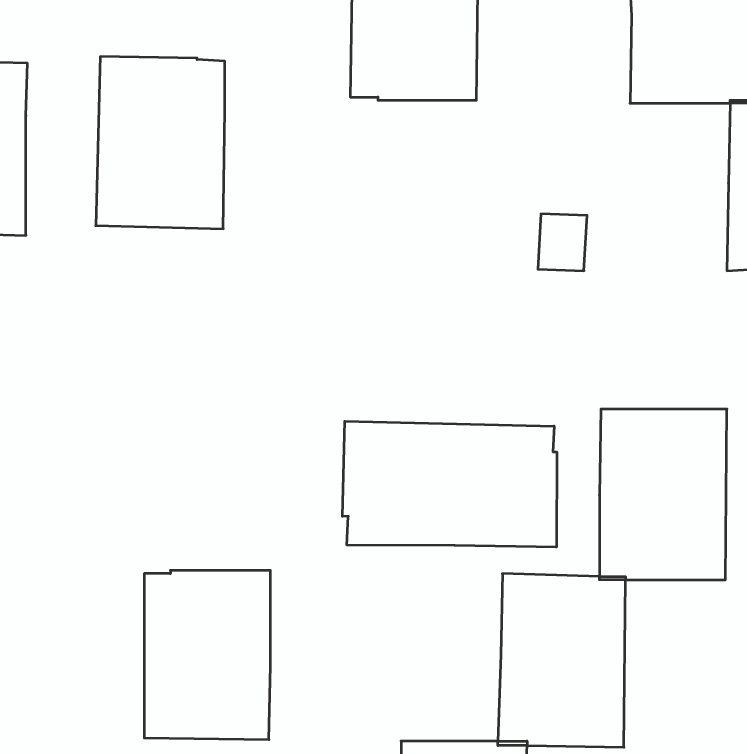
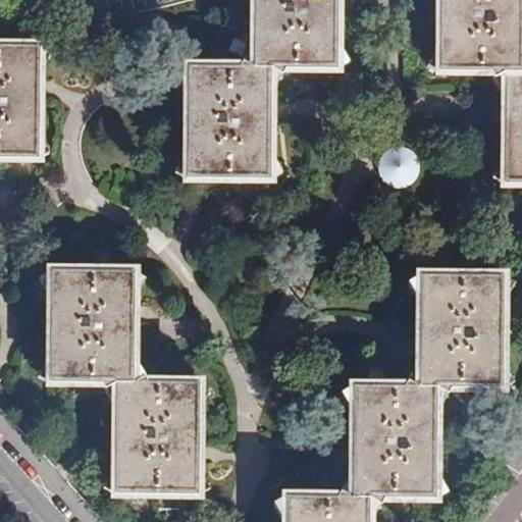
building: [96,57,225,229] -> [186,64,271,178]
building: none -> [51,267,135,381]
building: [342,421,557,547] -> none

